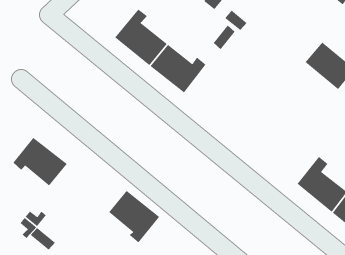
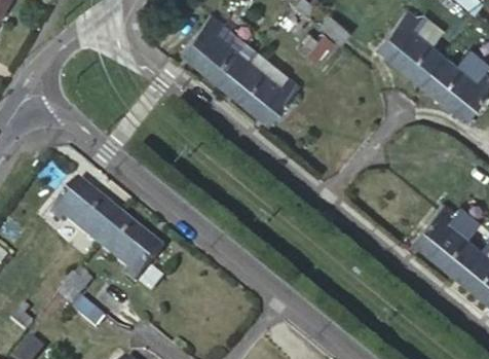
building: none -> [381,10,448,83]
building: [108,190,160,243] -> [99,214,165,283]

